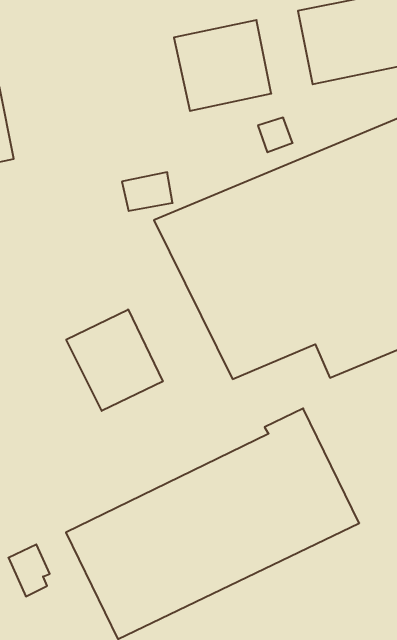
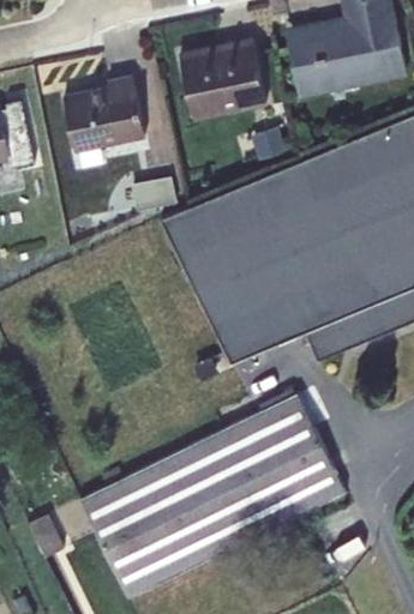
building: none -> [62,77,144,152]
building: [66,309,163,411] -> none

